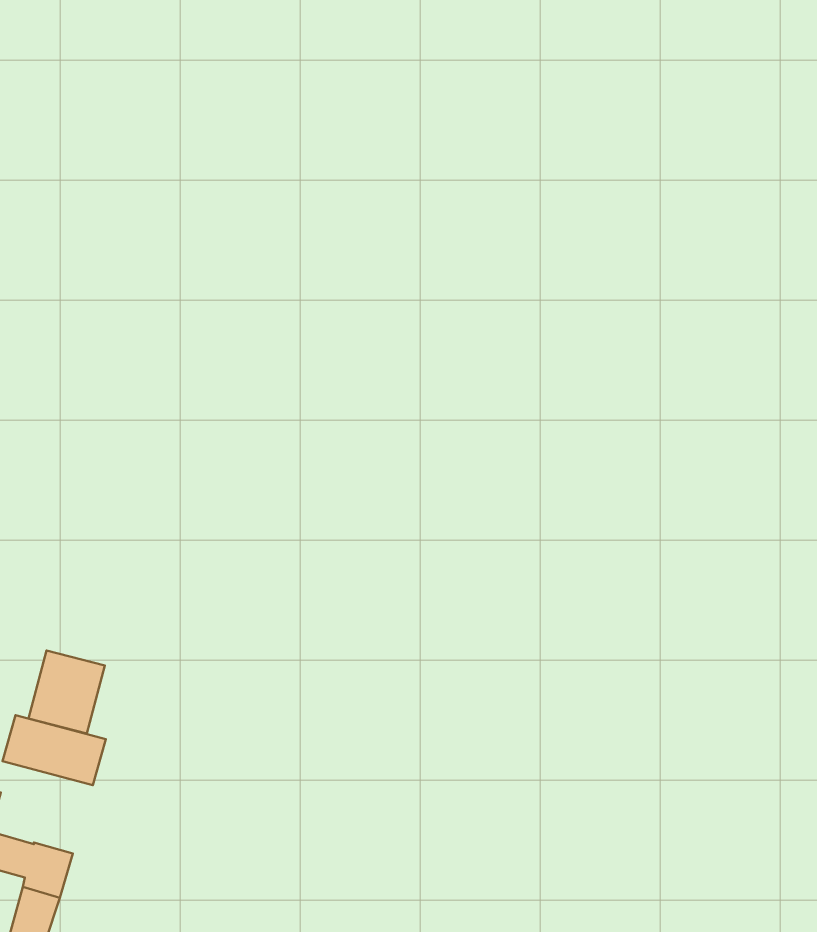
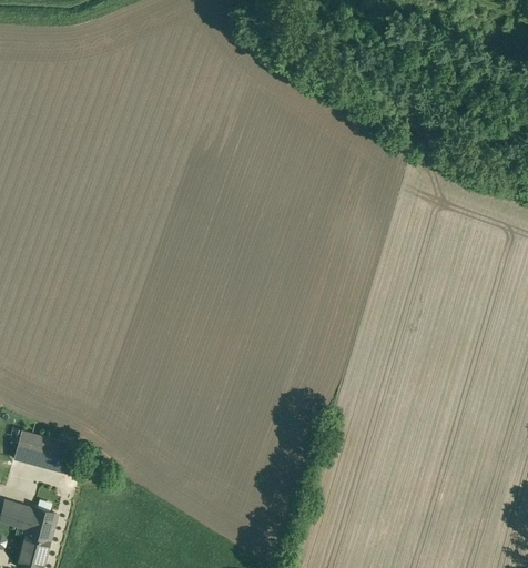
building: [29,651,105,733] -> none

